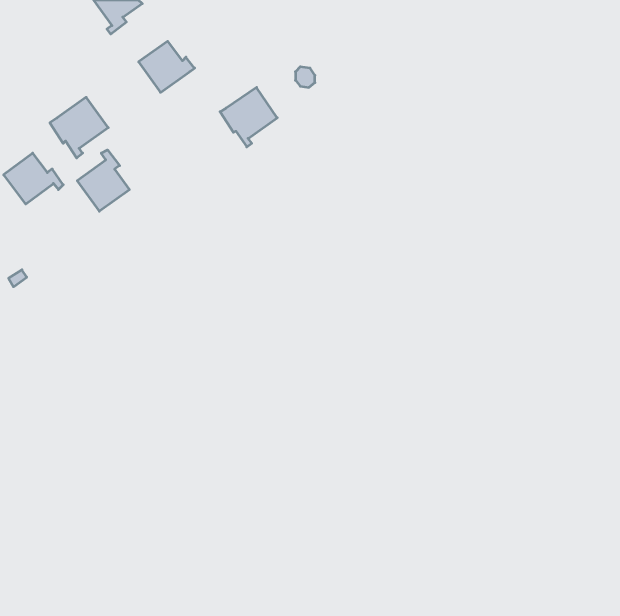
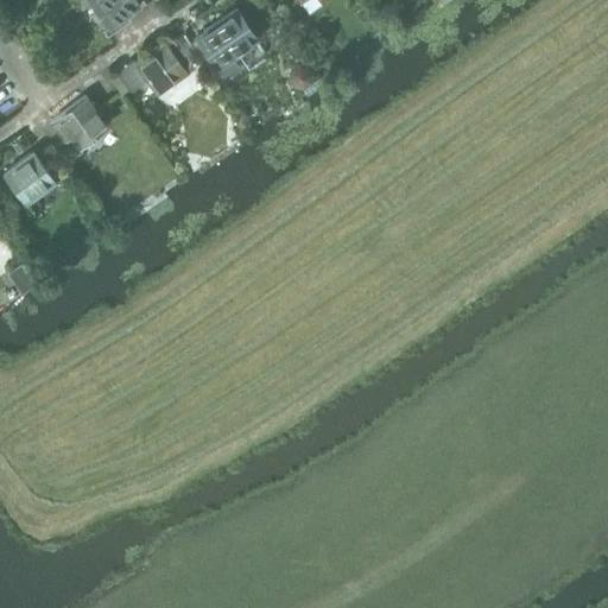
building: [220,87,277,147] -> [201,13,256,71]
building: [77,150,129,211] -> none

